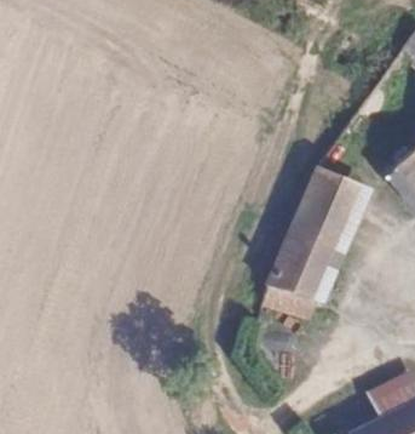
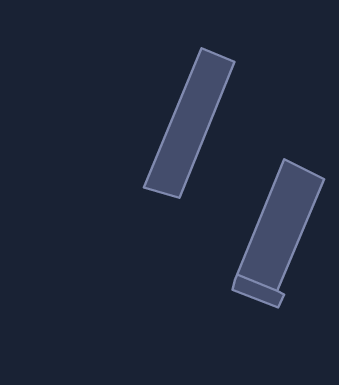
building: none -> [144,48,235,198]

